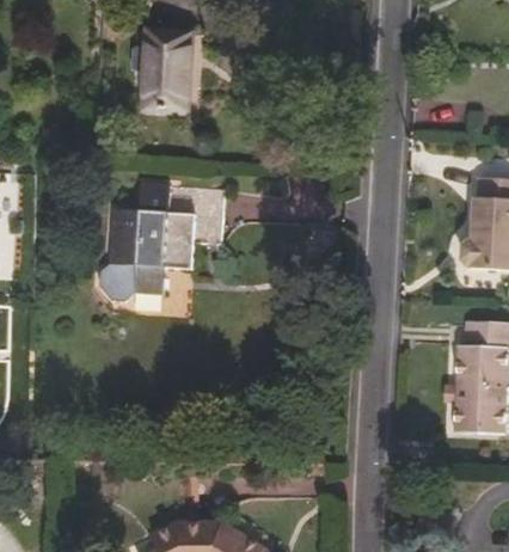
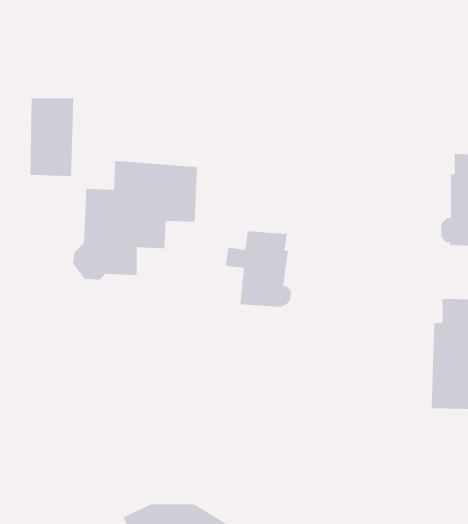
building: [147,31,191,109] -> [30,98,74,176]
building: none -> [225,231,292,308]

